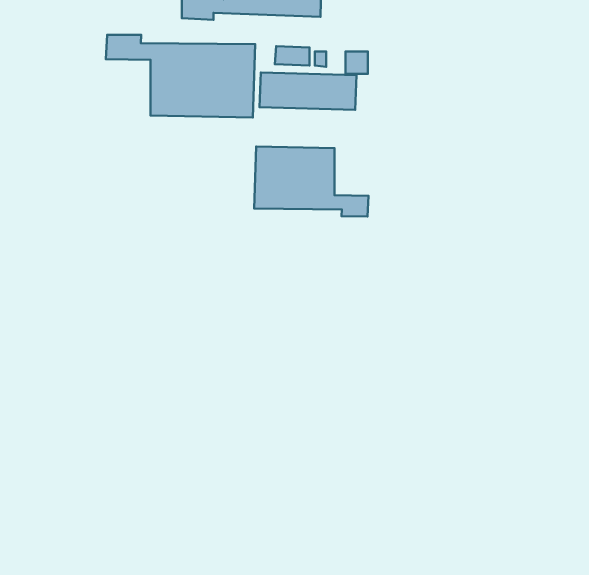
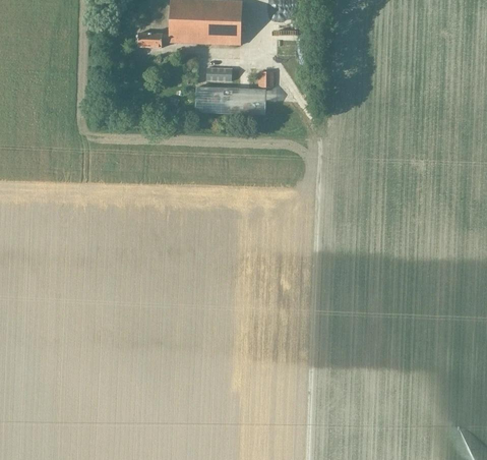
building: [106,35,255,118] -> none
building: [254,147,368,216] -> none

